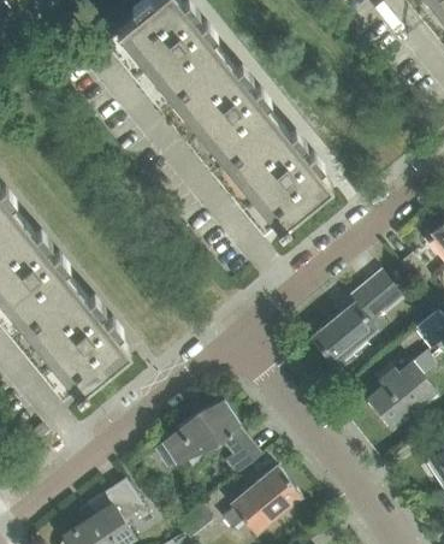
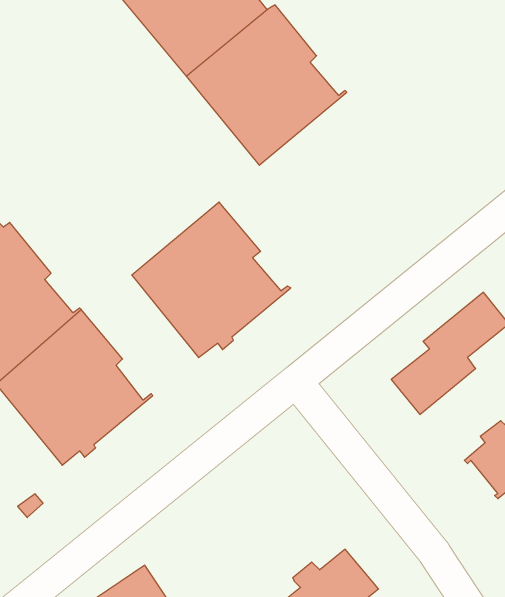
building: [213,119,333,237] -> [132,202,291,358]
building: [156,400,262,474] -> none

